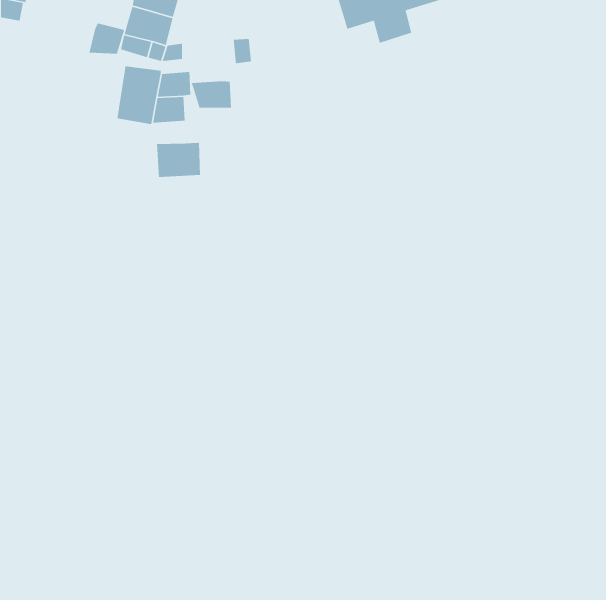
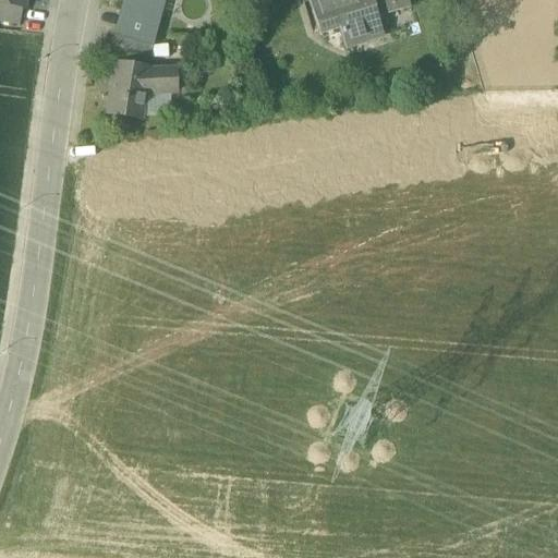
building: [89,22,125,55] -> none
building: [191,81,232,109] -> none
building: [156,141,201,178] -> none

